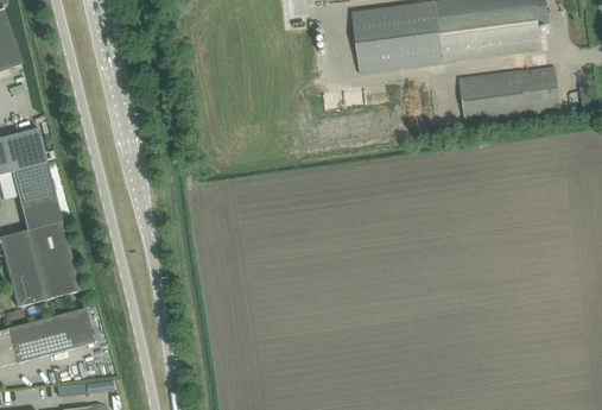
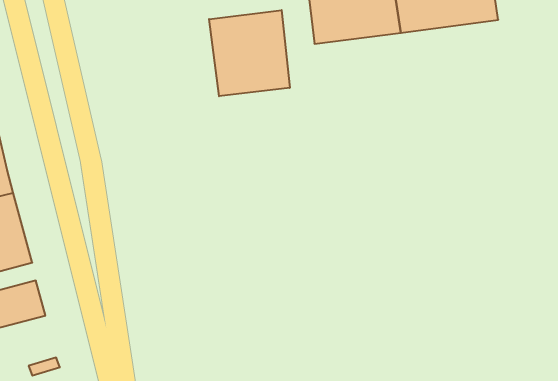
building: none -> [209,10,290,96]
building: [457,65,559,122] -> none

